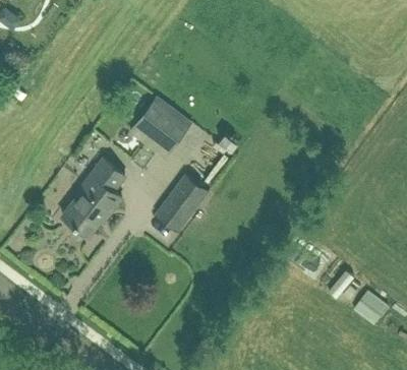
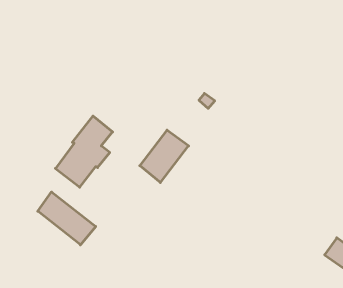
building: [136,99,189,148] -> none
building: none -> [38,192,96,245]

